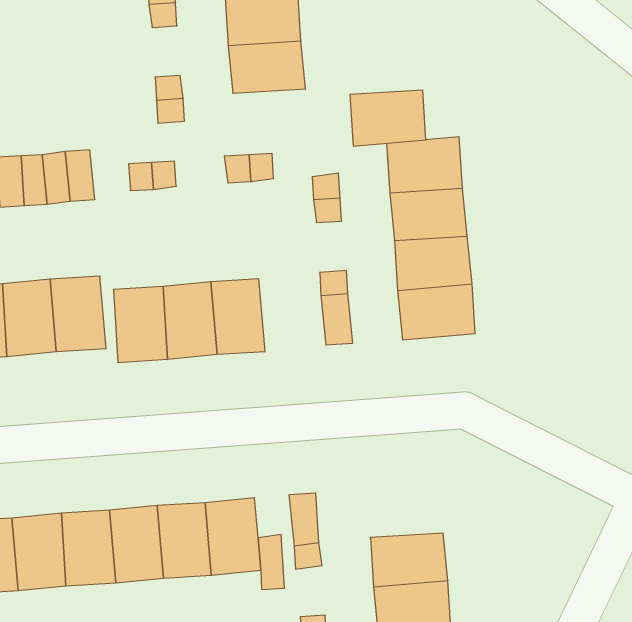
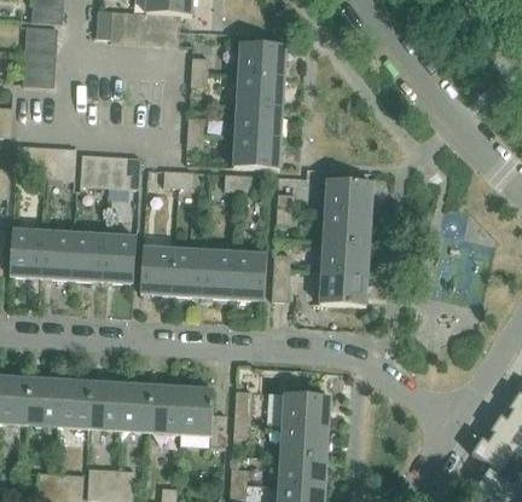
building: [350,90,426,146] -> [232,133,280,168]
building: none -> [232,252,266,300]
building: none -> [282,393,329,427]

